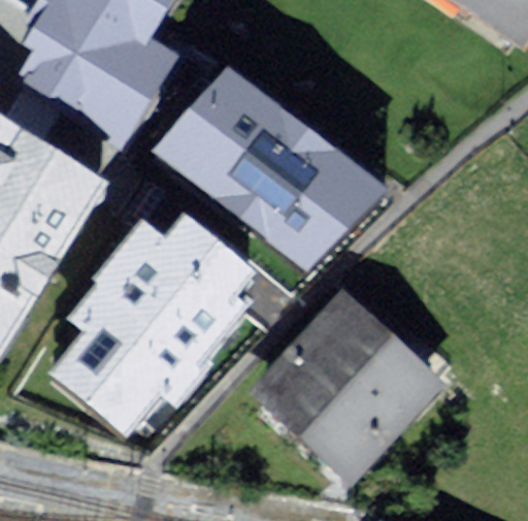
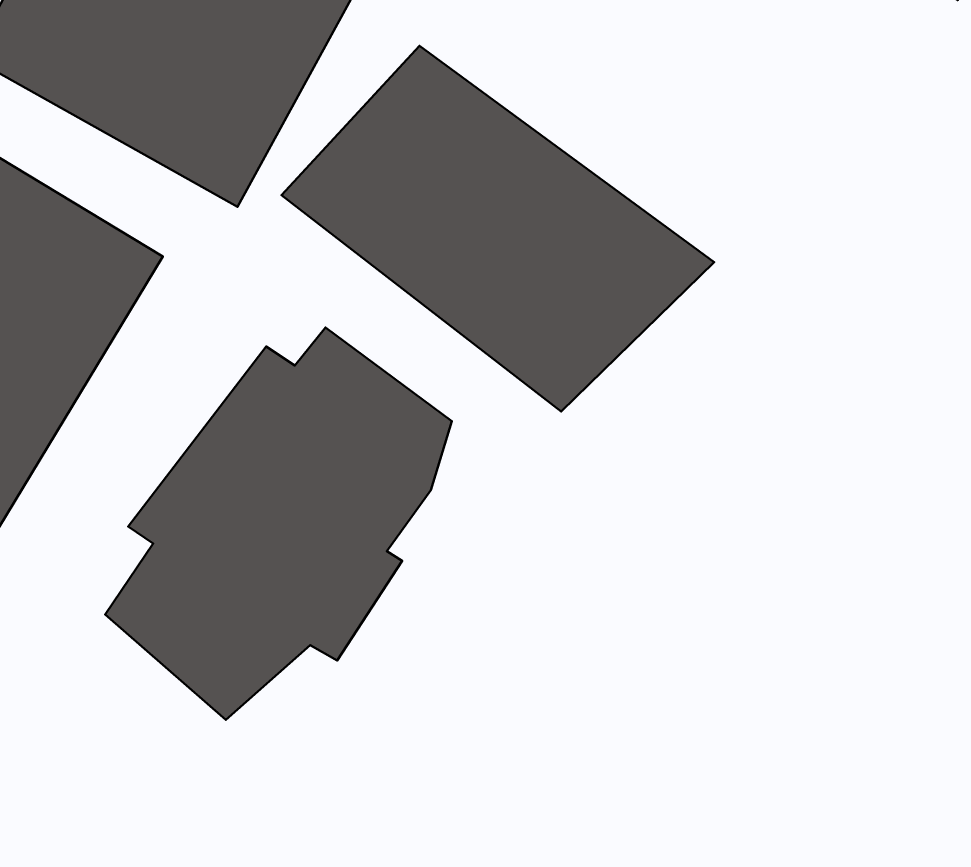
building: [252,279,443,482] -> none

